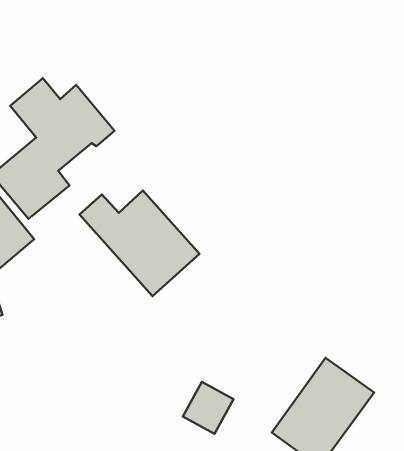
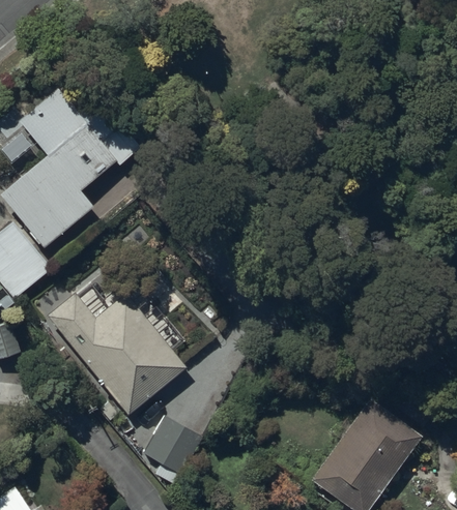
building: [80,191,199,296] -> [46,291,175,404]
building: [183,382,234,434] -> [143,421,198,477]

